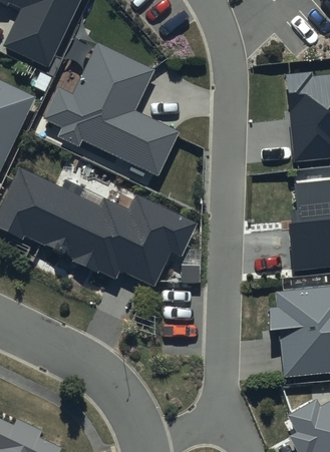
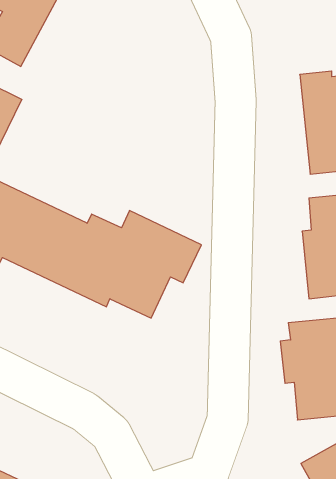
building: [43,43,181,176] -> none

